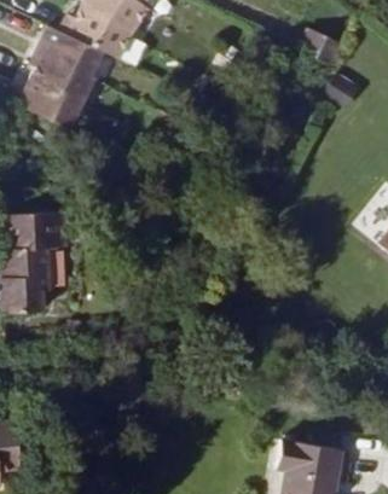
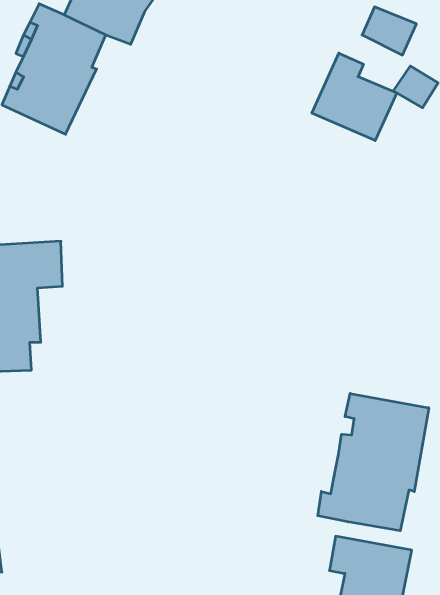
building: none -> [312,53,397,141]
building: none -> [318,393,429,531]

